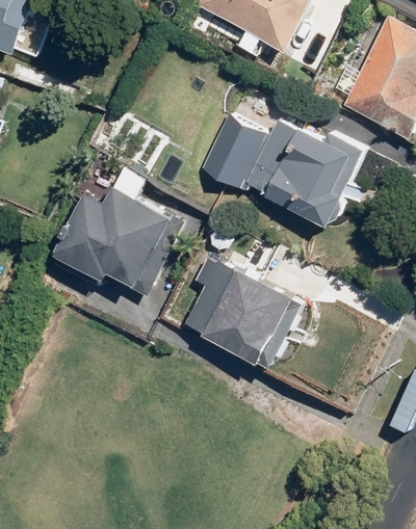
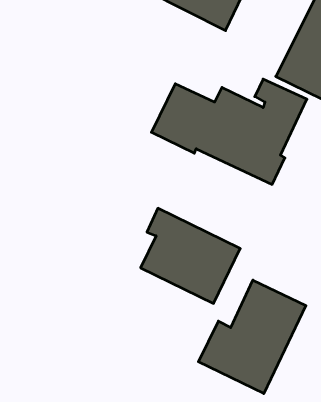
building: [58,160,180,293] -> none
building: none -> [198,280,306,394]

